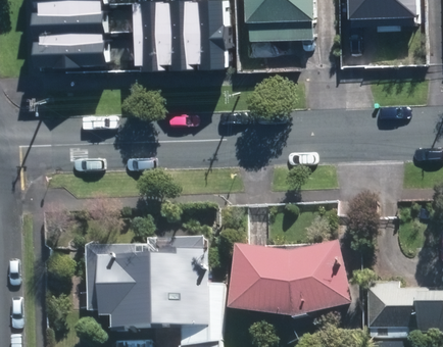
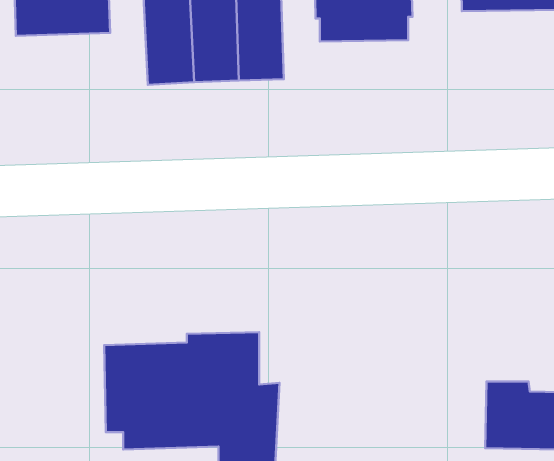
building: [36,34,103,67] -> none
building: [229,240,352,315] -> none

